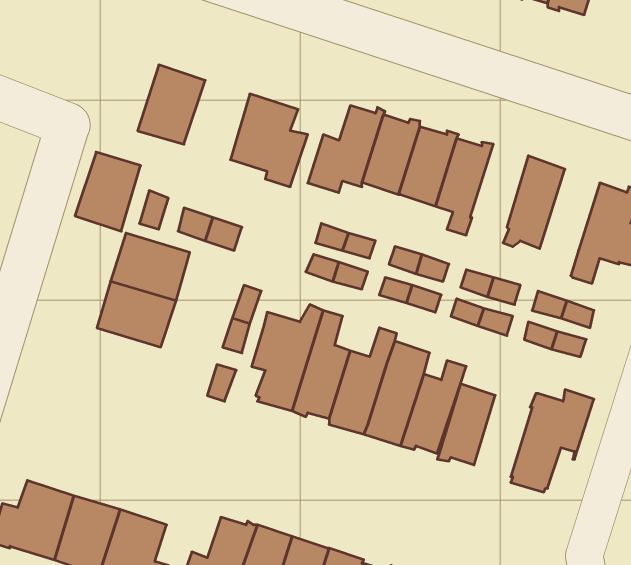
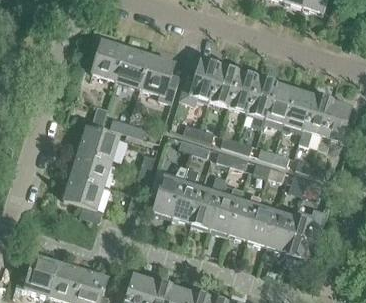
building: none -> [264,83,294,123]
building: [75,152,141,231] -> [116,47,150,88]
building: none -> [297,93,332,146]
building: none -> [63,175,104,221]
building: none -> [266,210,296,252]

